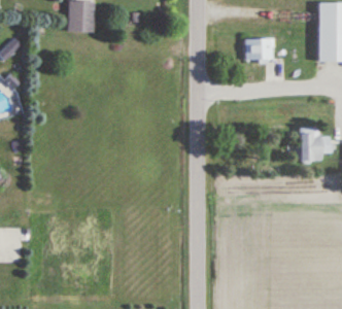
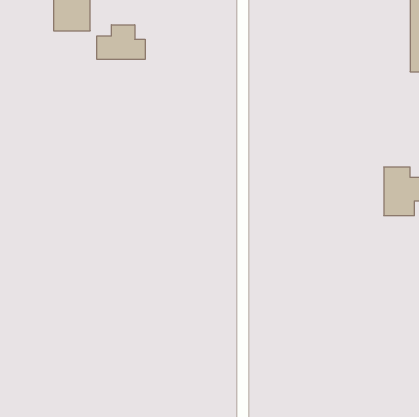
building: none -> [97,25,145,59]
building: [245,38,273,61] -> none

